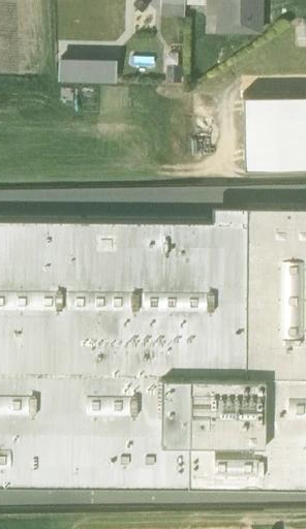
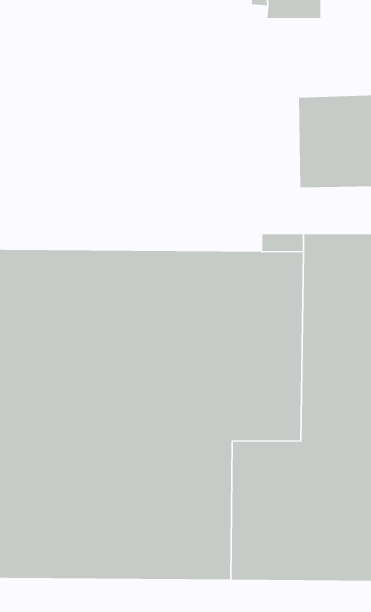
building: [61,59,118,88] -> none

